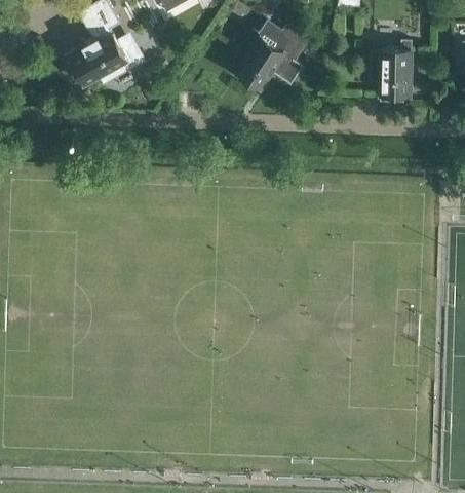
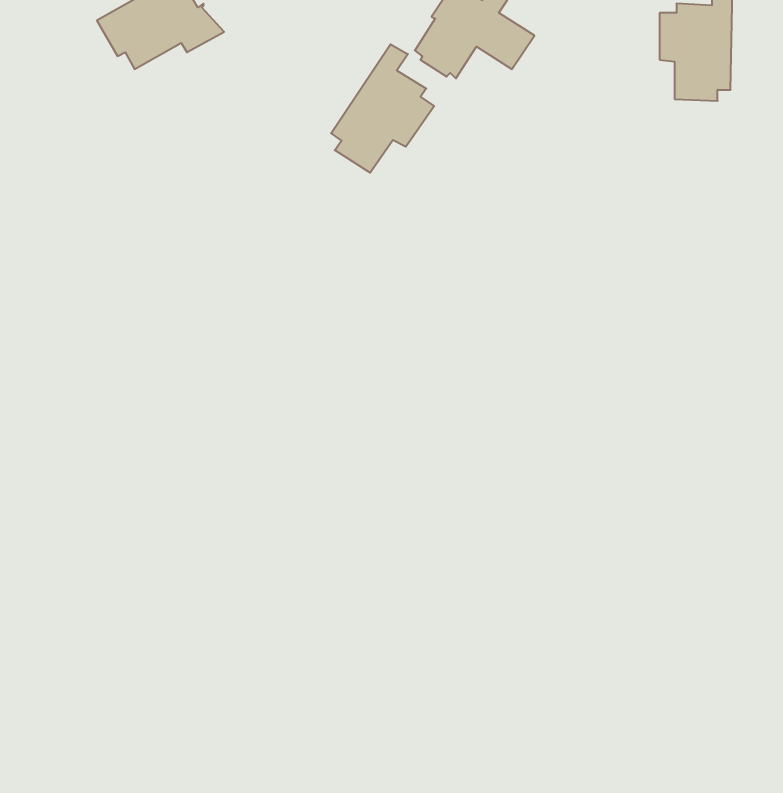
building: none -> [331,44,434,173]

